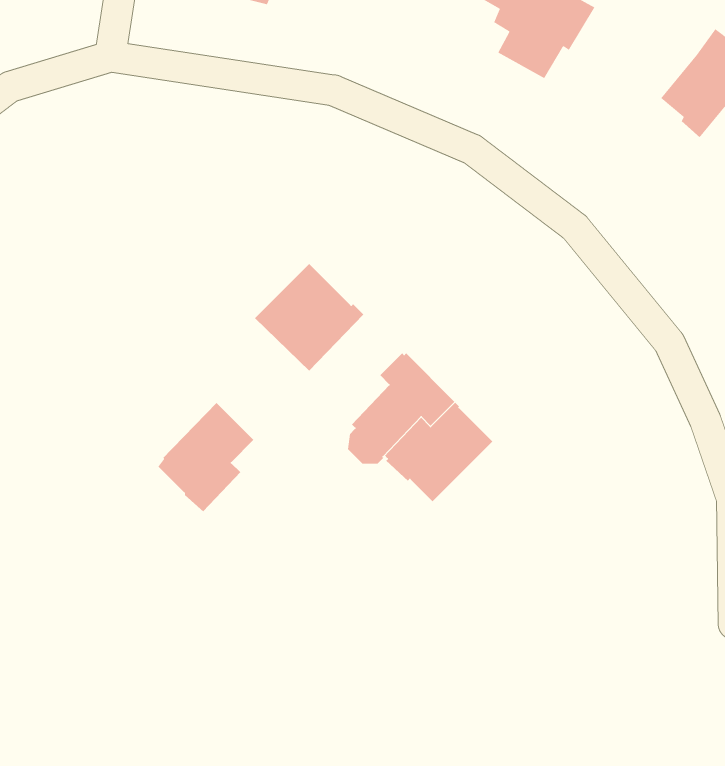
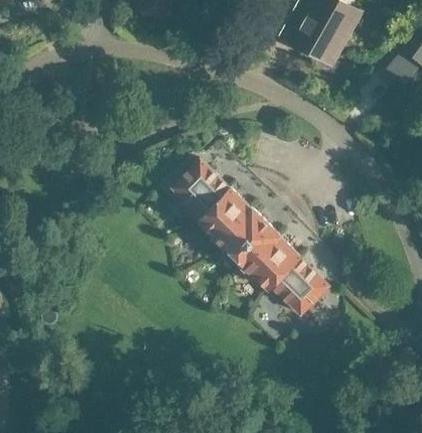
building: [158,402,254,512] -> [197,186,249,245]
building: none -> [265,254,328,315]

